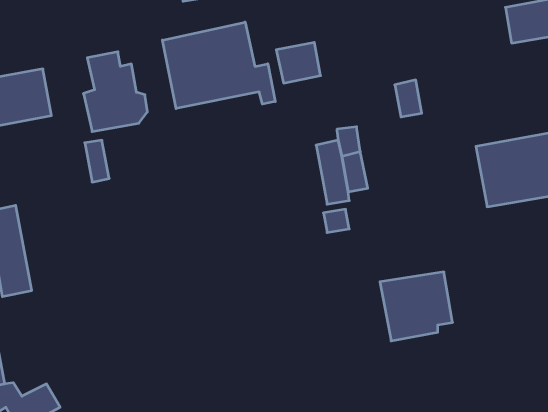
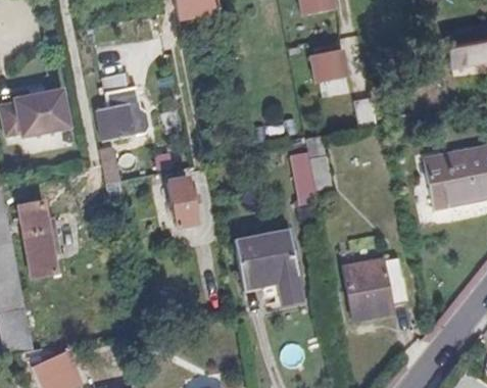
building: [162,22,275,109] -> none
building: [276,42,321,83] -> [312,50,349,84]
building: none -> [167,177,197,226]
building: none -> [235,235,302,314]

